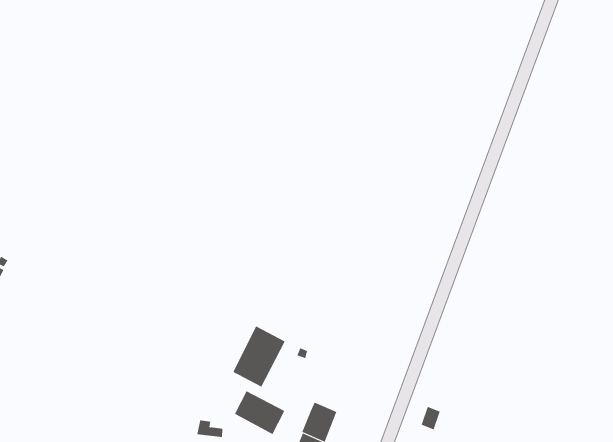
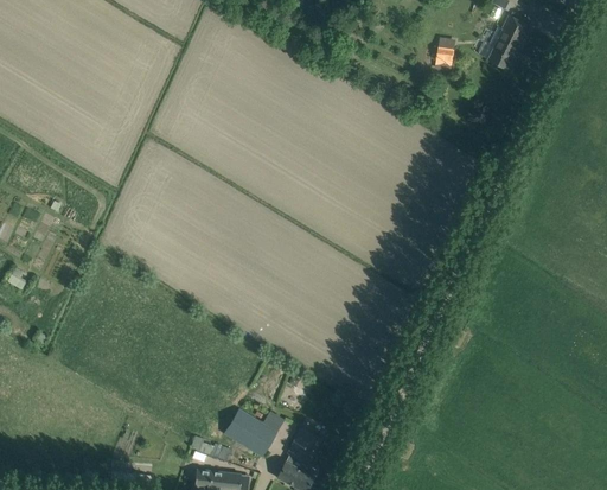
building: [232,326,286,388] -> none

